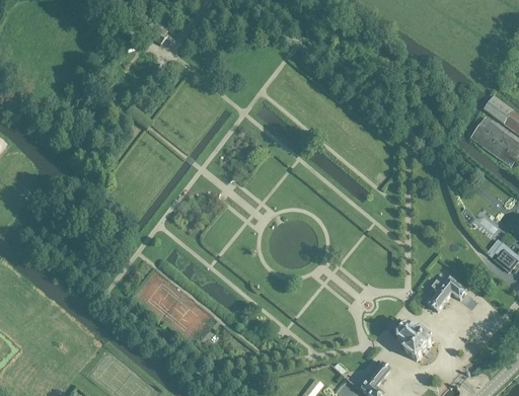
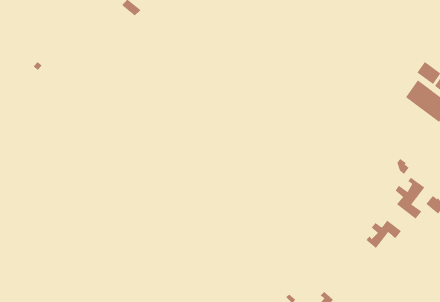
building: none -> [395,177,425,220]
building: [395,325,432,360] -> none

